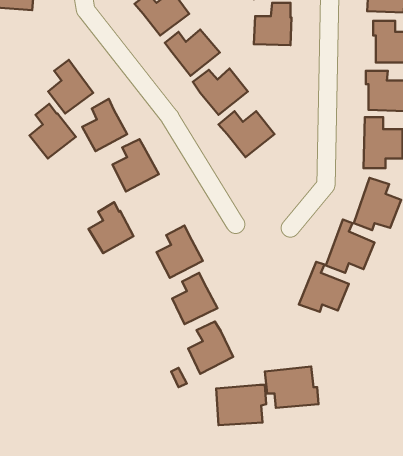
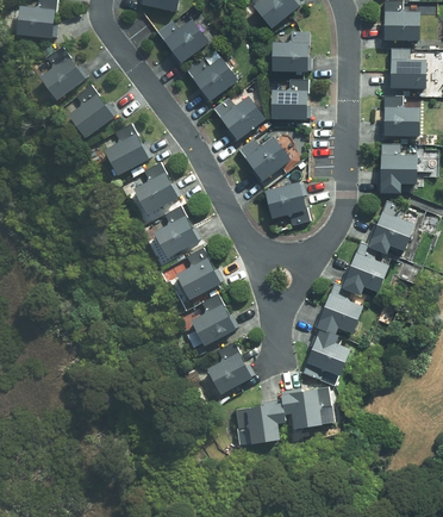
building: none -> [270,79,307,118]
building: [30,104,76,159] -> [42,48,87,101]
building: none -> [264,179,308,225]
building: [89,202,134,253] -> [154,206,198,256]
building: none -> [307,330,351,373]

